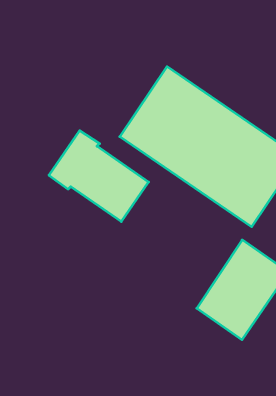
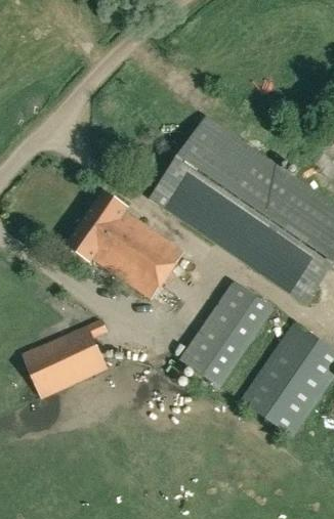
building: none -> [184,283,273,384]
building: none -> [22,316,106,394]

